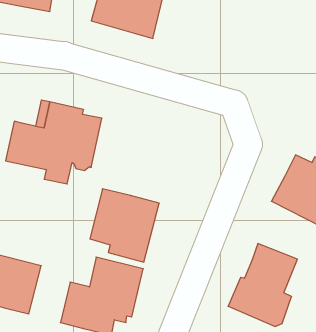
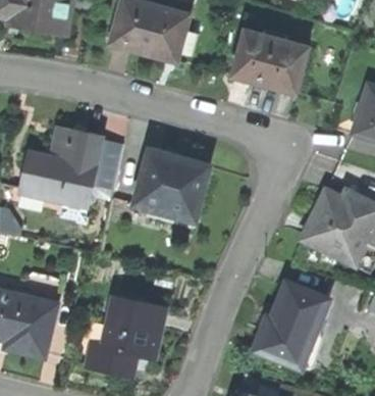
building: none -> [231,30,307,93]
building: [90,189,159,262] -> [136,151,209,229]

